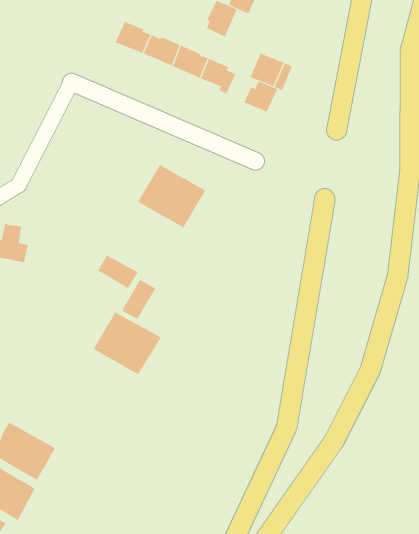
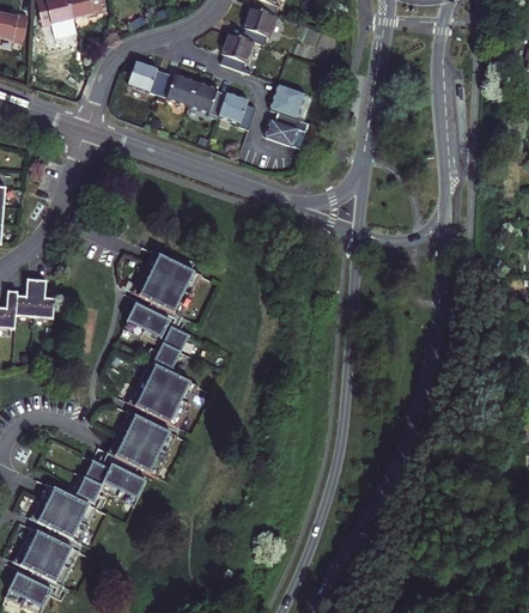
building: [137,164,206,228] -> [132,251,202,316]
building: none -> [108,412,177,477]
building: none -> [75,460,146,505]

